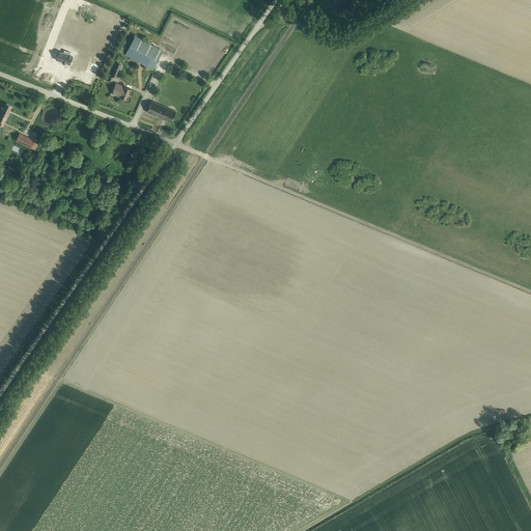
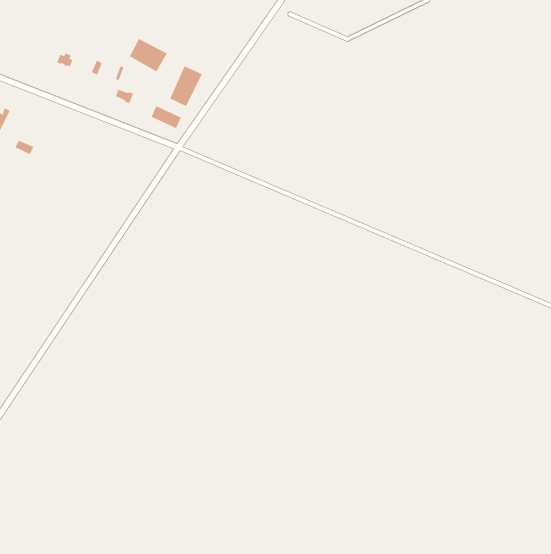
building: none -> [169,65,203,107]

